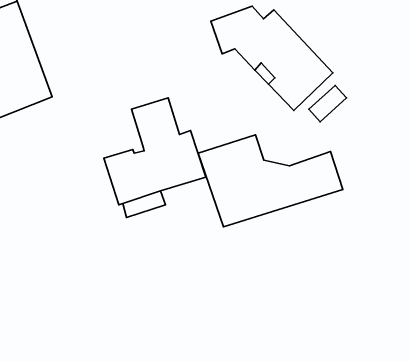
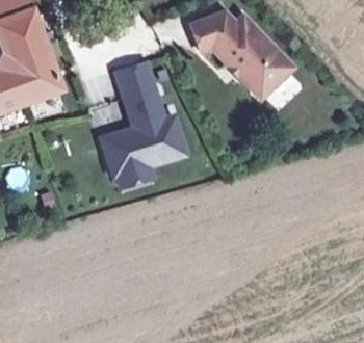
building: none -> [118,64,156,99]
building: [198,135,343,227] -> none

